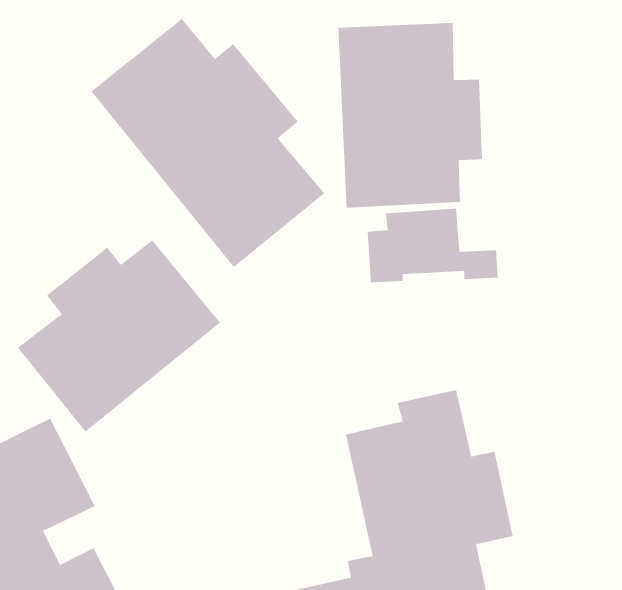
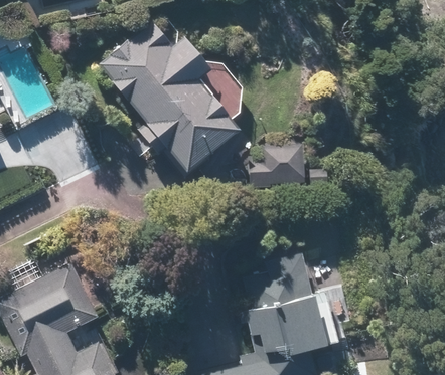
building: [338,22,482,209] -> none
building: [17,239,221,432] -> none

